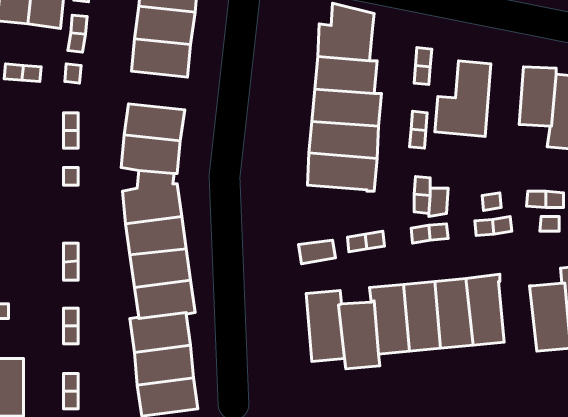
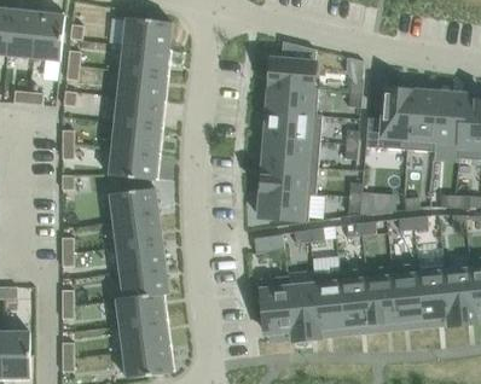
building: none -> [406,91,437,151]
building: none -> [115,97,163,128]
building: none -> [259,190,309,221]
building: none -> [417,266,447,318]

